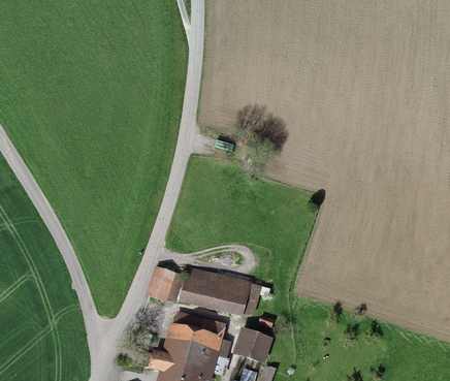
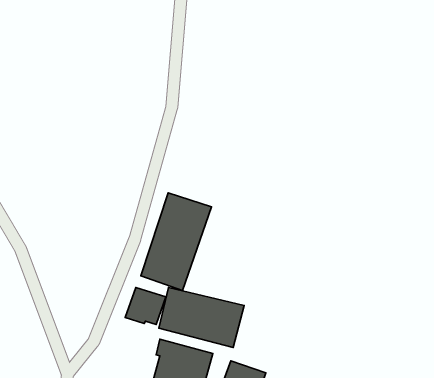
building: none -> [141,193,211,290]

